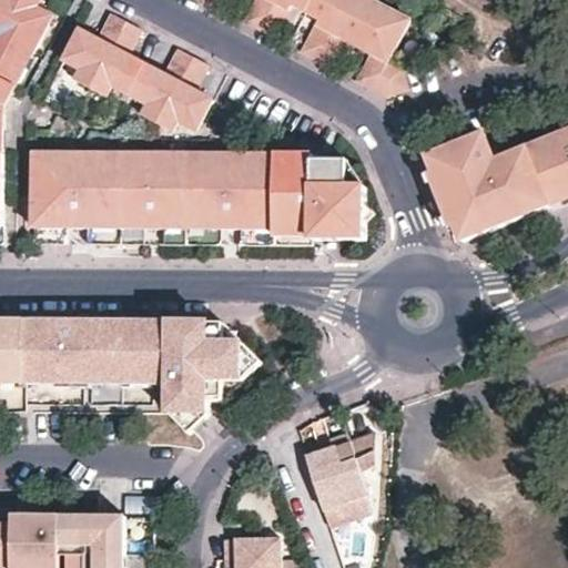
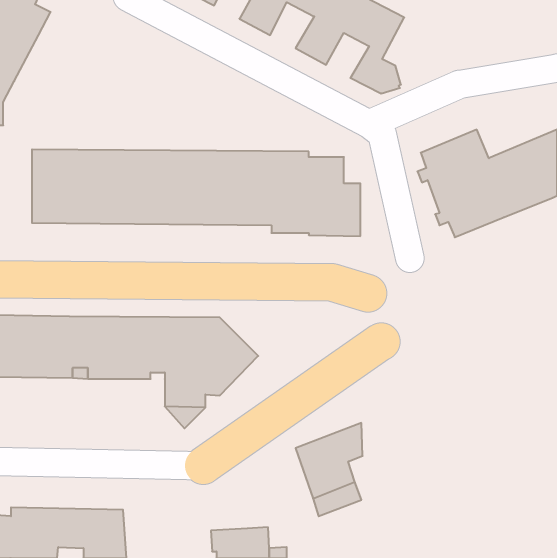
building: [62,11,212,131] -> none

